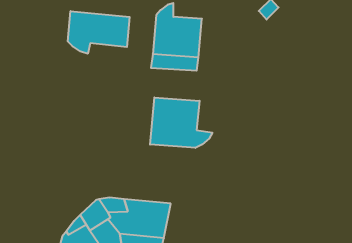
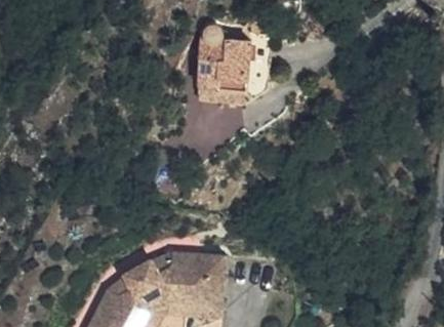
building: [68,11,130,54] -> none
building: [150,97,212,148] -> none

